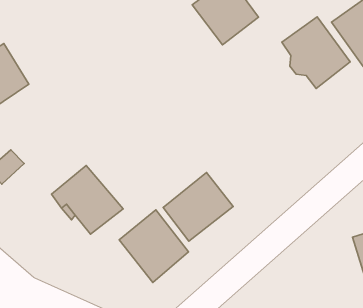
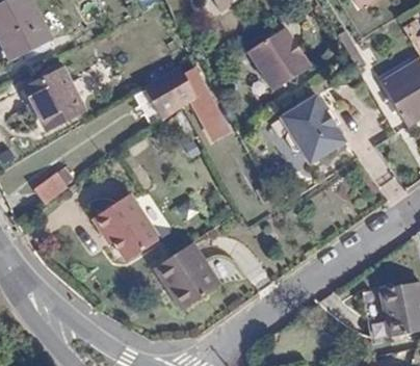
building: [282,17,350,88] -> [279,97,342,165]
building: none -> [142,66,228,138]
building: [163,172,233,241] -> none

